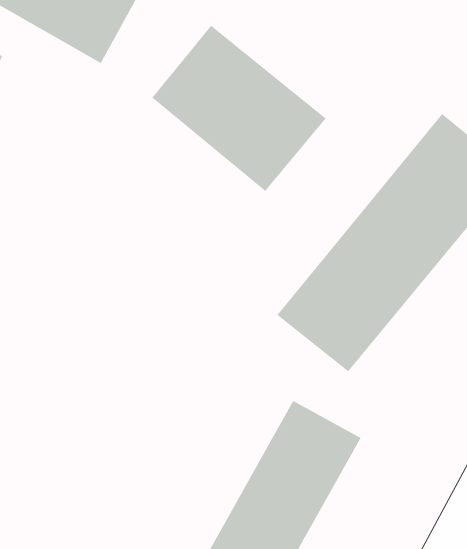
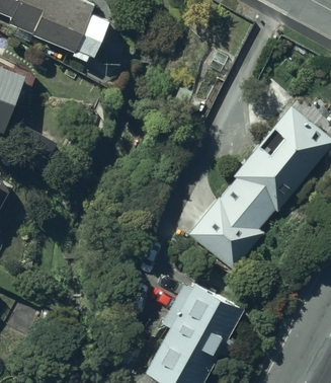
building: [151,25,326,192] -> none

